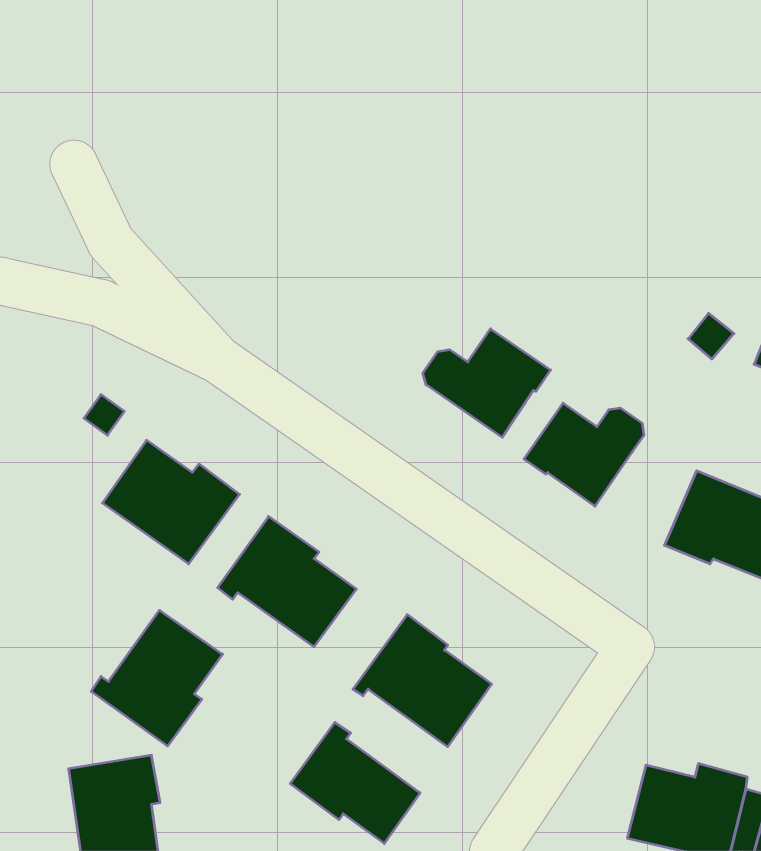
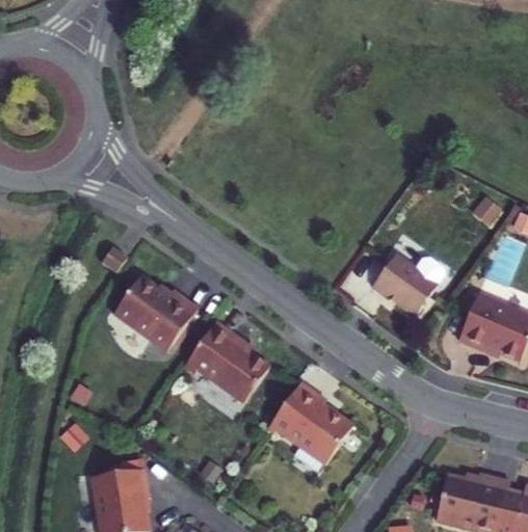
building: [423,329,551,437] -> none
building: [91,610,223,746] -> none
building: [290,722,420,844] -> none

